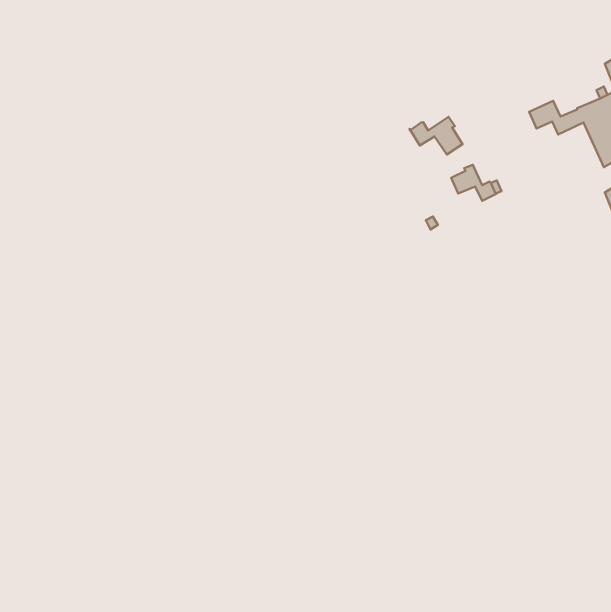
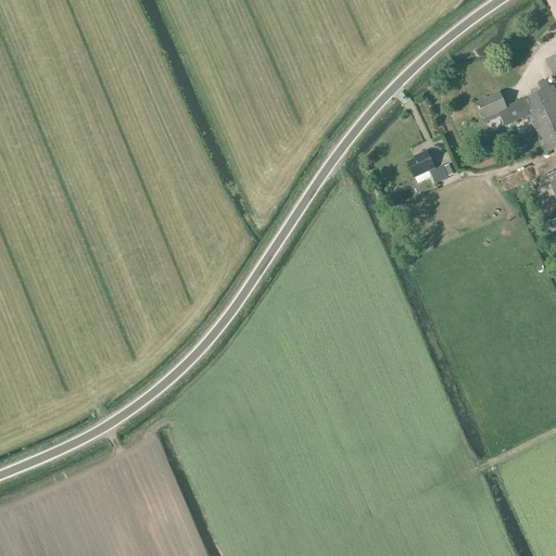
building: [410,117,462,155] -> none

